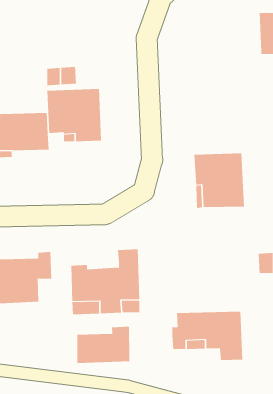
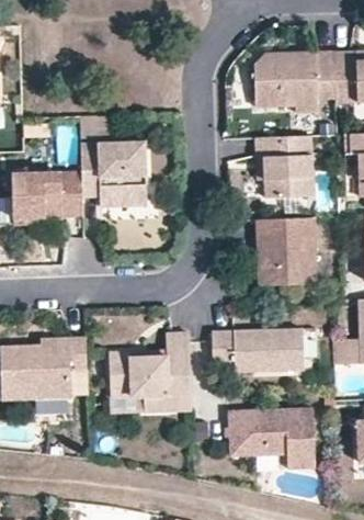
building: none -> [253,50,335,106]
building: none -> [255,136,312,197]
building: none -> [212,328,304,371]
building: [77,326,130,364] -> none

